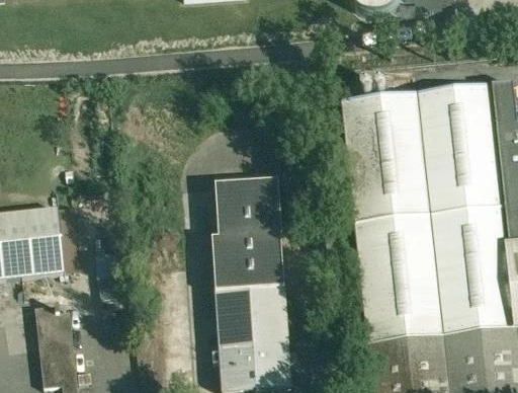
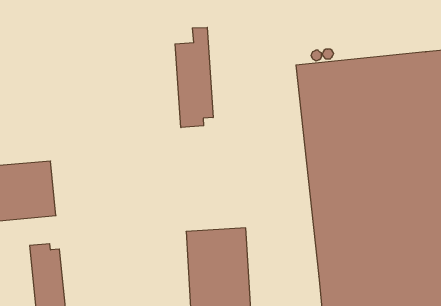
building: none -> [175,27,213,128]
building: [210,178,283,289] -> none

